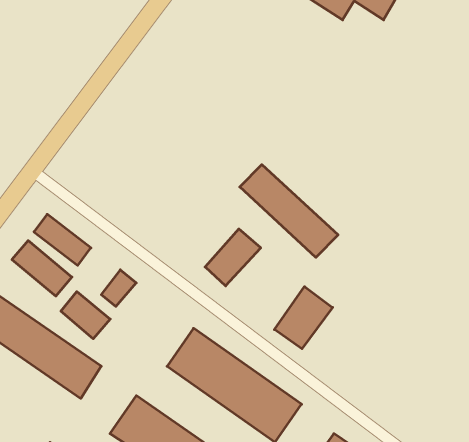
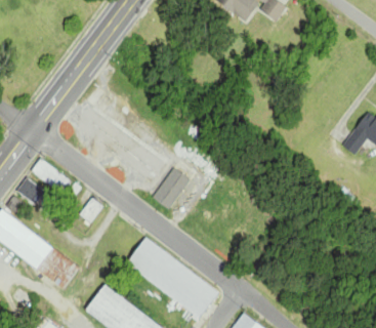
building: [240,165,338,257] -> none
building: [274,287,333,349] -> none
building: [61,292,110,339] -> none

